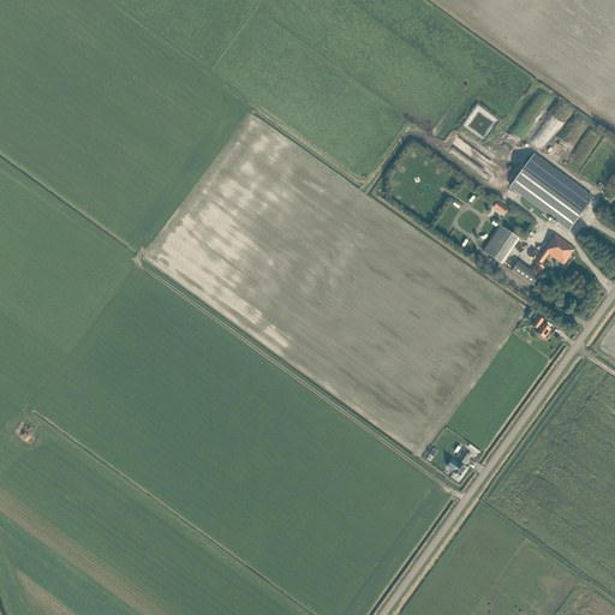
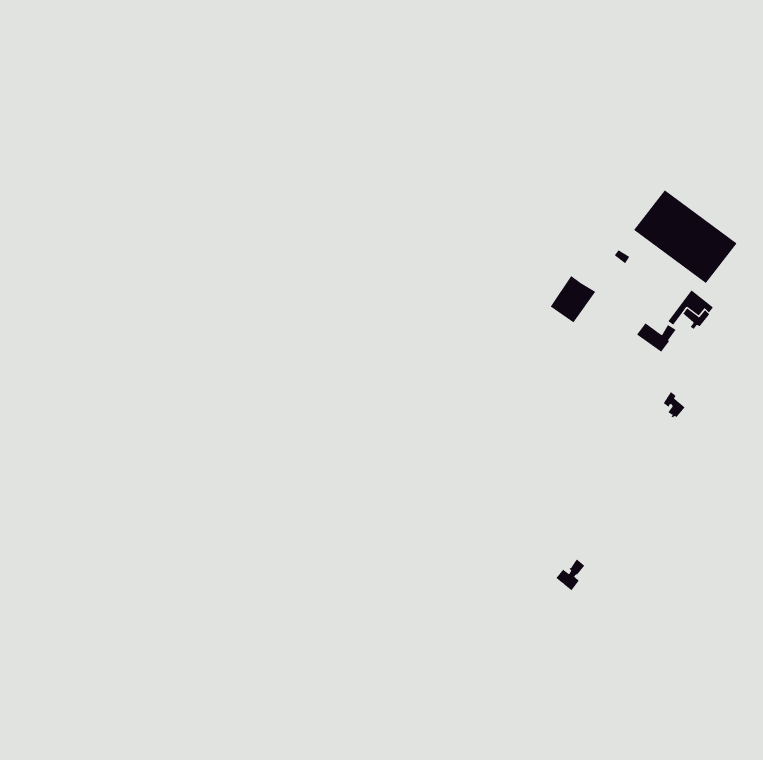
building: [483,223,520,262] -> [550,275,596,323]

